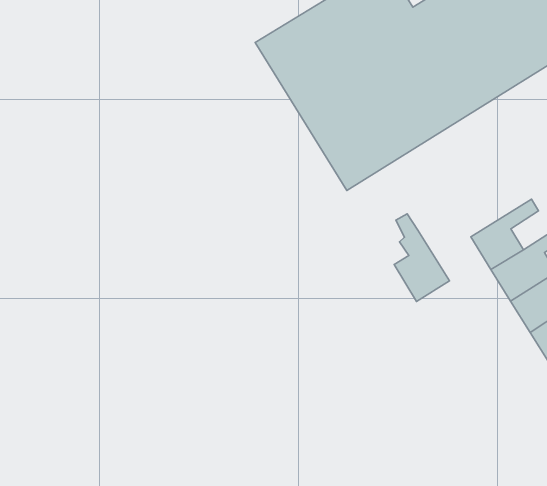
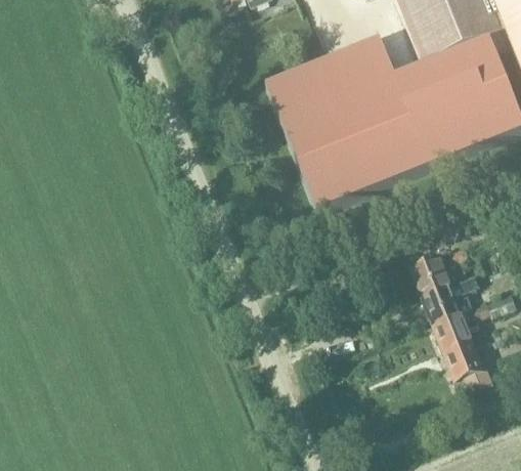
building: [394,214,449,302] -> none

